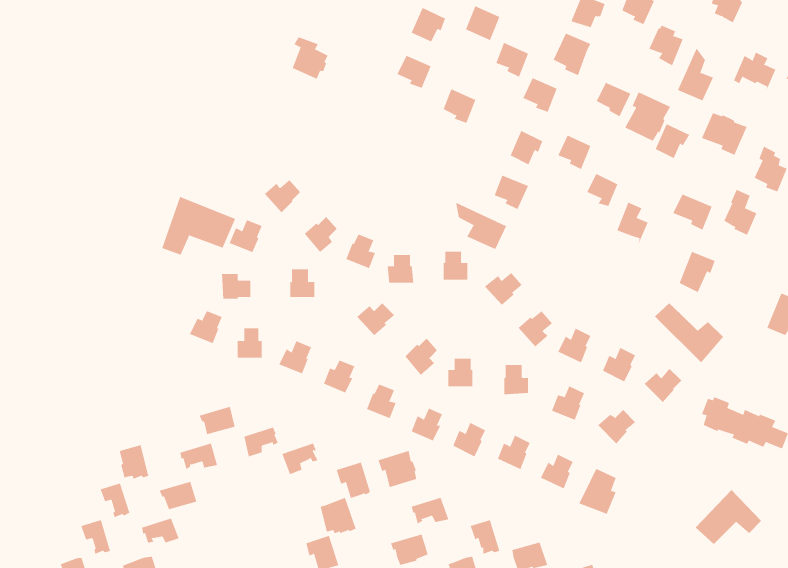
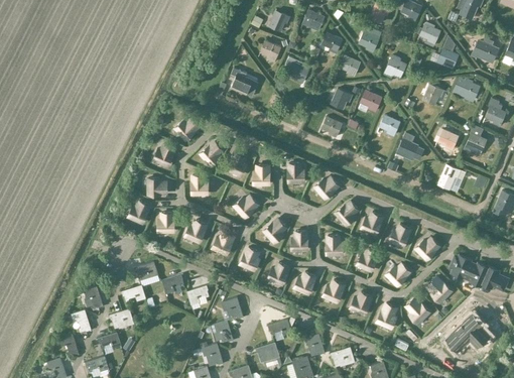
building: [292,36,328,79] -> [230,68,253,95]
building: [625,92,671,141] -> none
building: [162,196,236,256] -> none
building: [456,202,507,250] -> none
building: [654,302,724,363] -> none
building: none -> [425,274,454,303]
building: [378,450,417,488] -> none
building: none -> [403,295,431,325]

